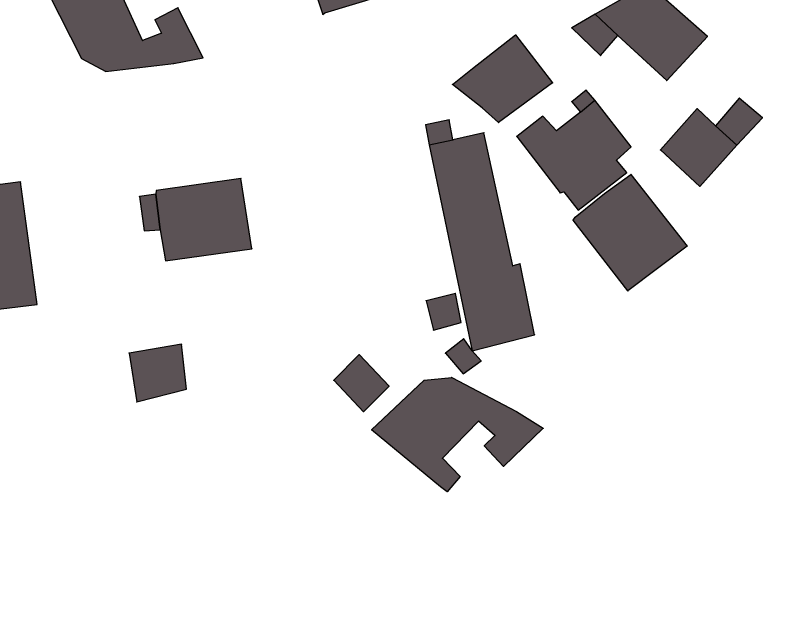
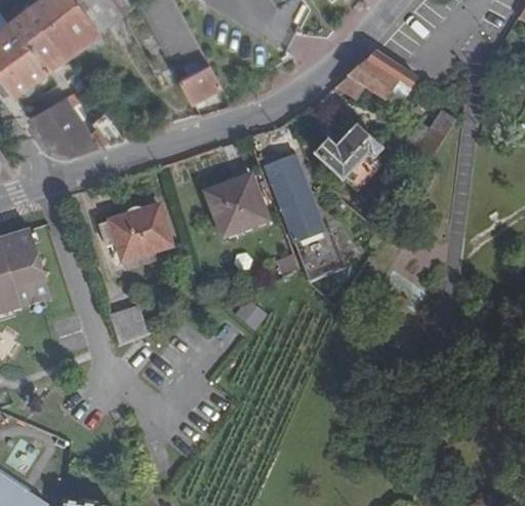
building: [452,35,553,123] -> none
building: none -> [204,174,269,237]
building: [573,174,687,291] -> none
building: [372,377,543,492] -> none

